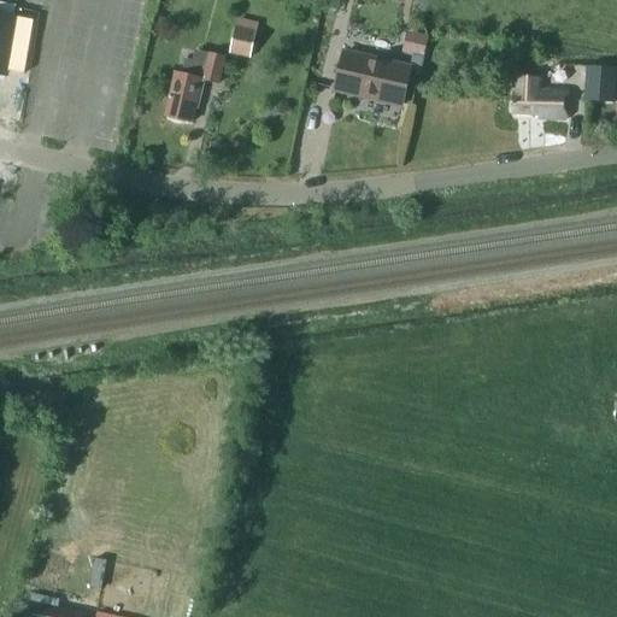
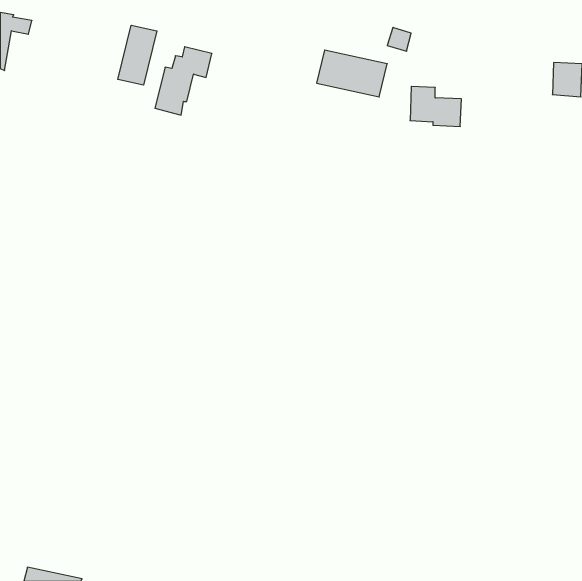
building: [230,17,258,57] -> none
building: none -> [118,25,157,85]
building: [513,76,568,118] -> [410,86,461,126]

